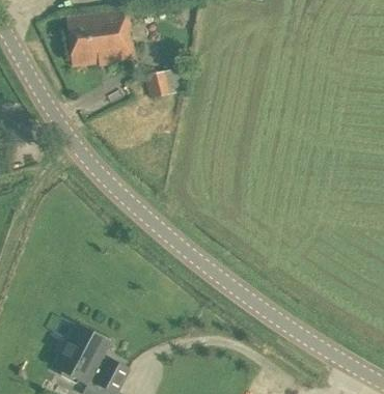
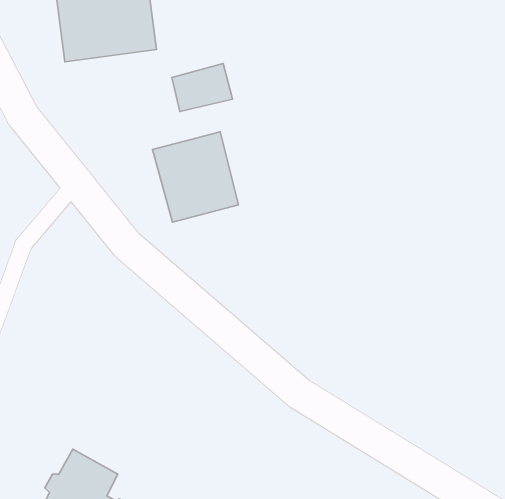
building: none -> [153,132,239,222]

